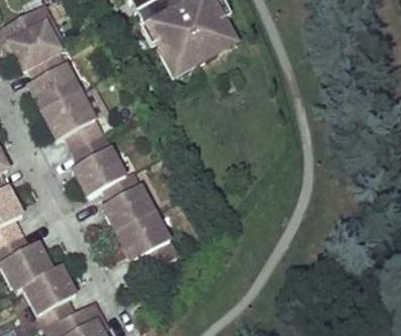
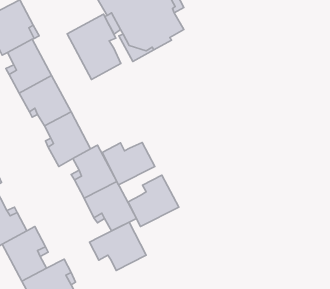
building: none -> [67,14,121,79]
building: none -> [102,143,155,185]
building: none -> [128,175,179,226]
building: none -> [89,222,146,270]

